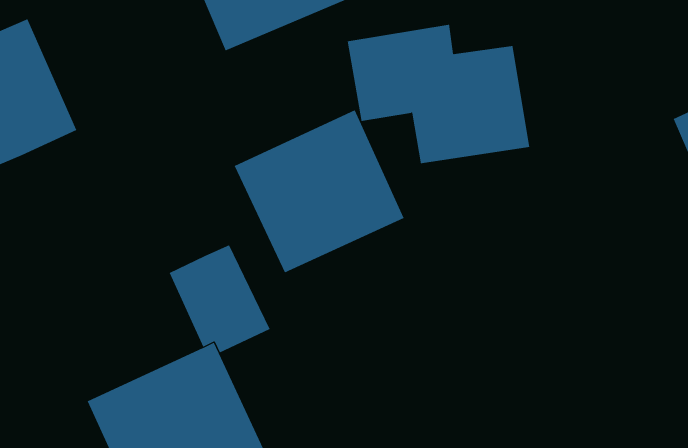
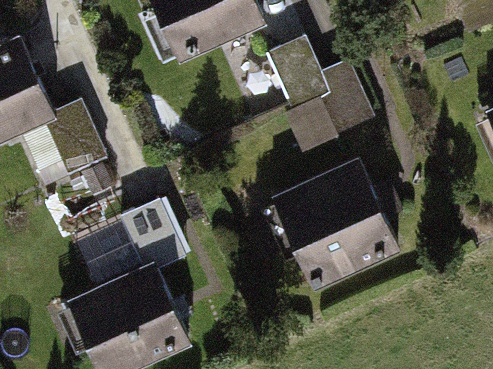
building: [234,109,405,273] -> [263,159,384,275]
building: none -> [17,104,110,191]

